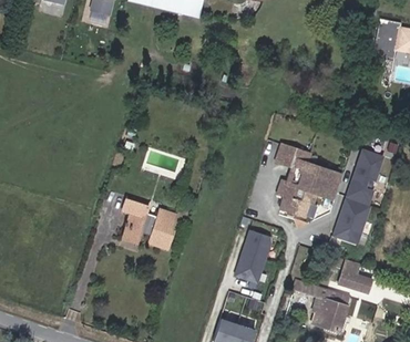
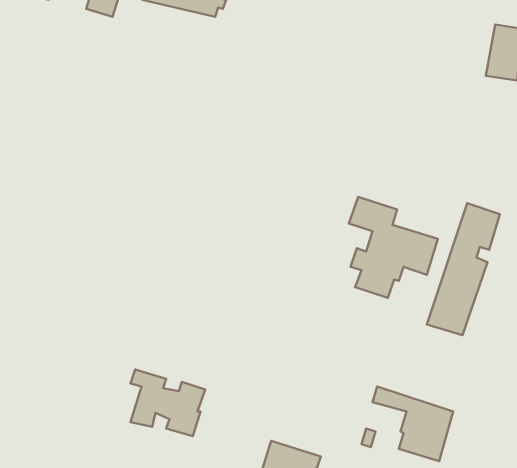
building: [123,200,176,248] -> [130,369,205,436]
building: [236,232,268,283] -> none
building: [340,262,372,292] -> none

